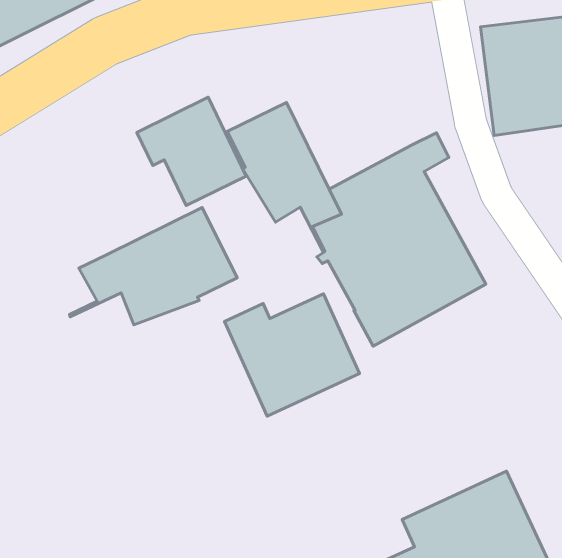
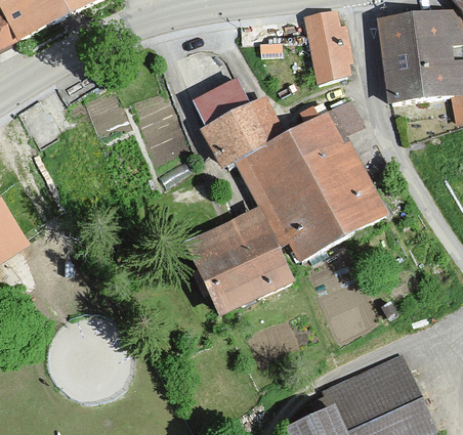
building: none -> [305,12,352,84]
building: [137,97,246,206] -> none
building: [70,207,237,325] -> none

